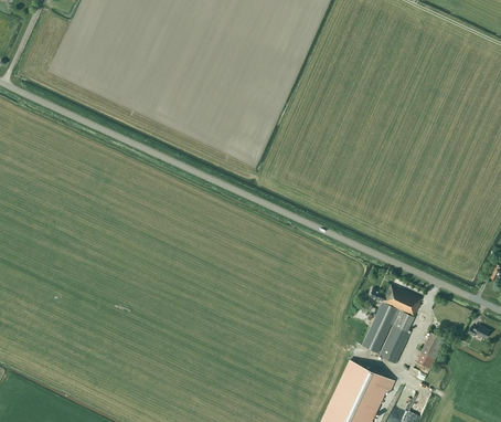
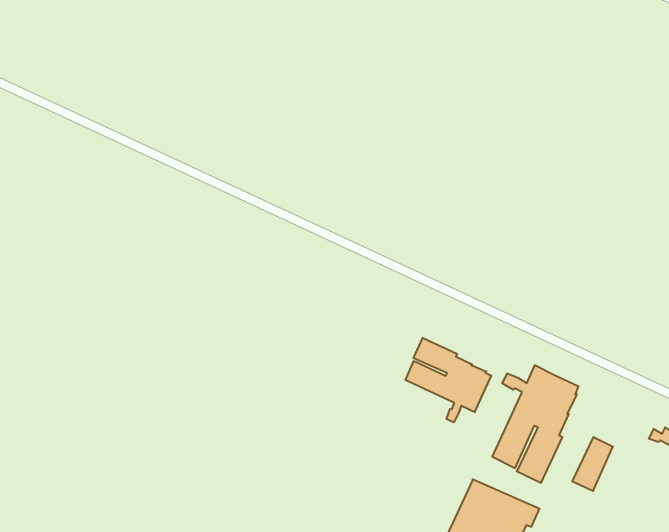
building: none -> [406,338,491,422]

